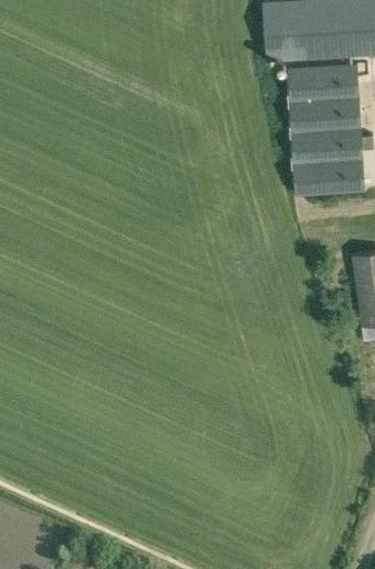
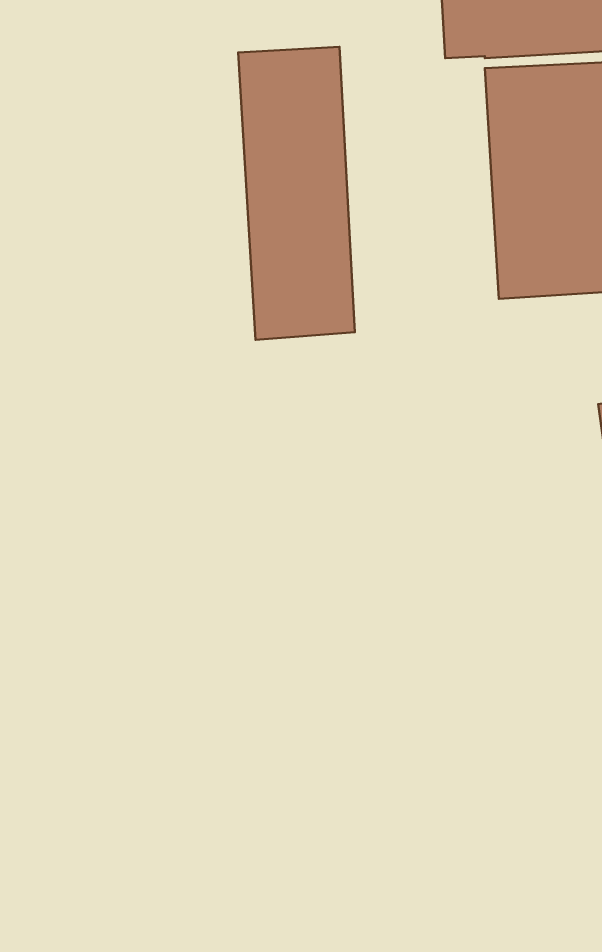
building: none -> [238,47,355,340]

